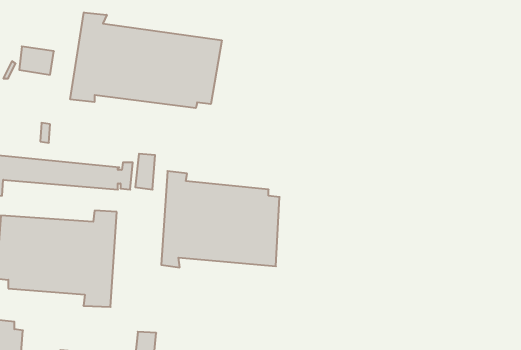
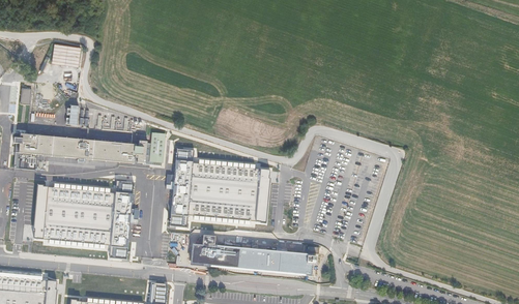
building: [70,12,222,108] -> none
building: none -> [190,235,317,274]

